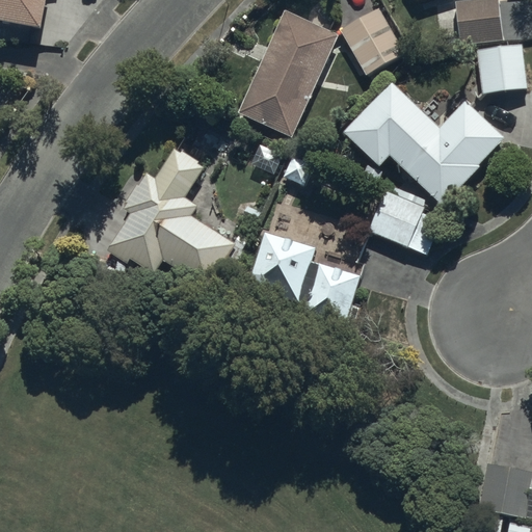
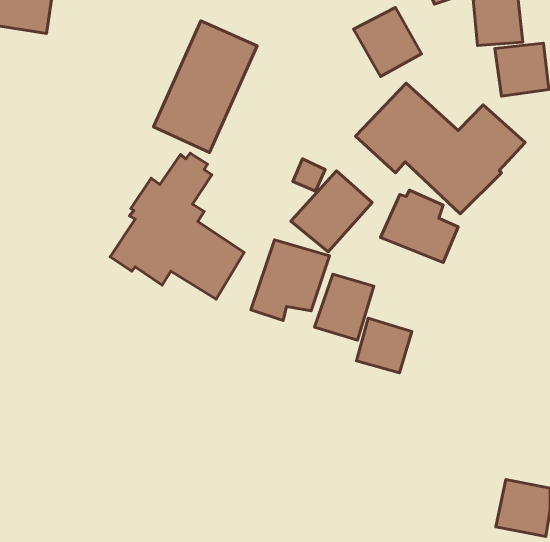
building: [238,9,338,136] -> [153,21,257,153]
building: none -> [291,171,372,252]
building: none -> [357,318,412,373]

